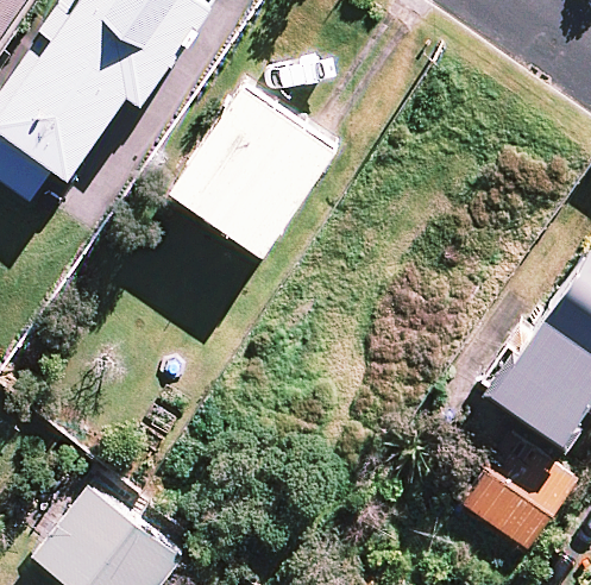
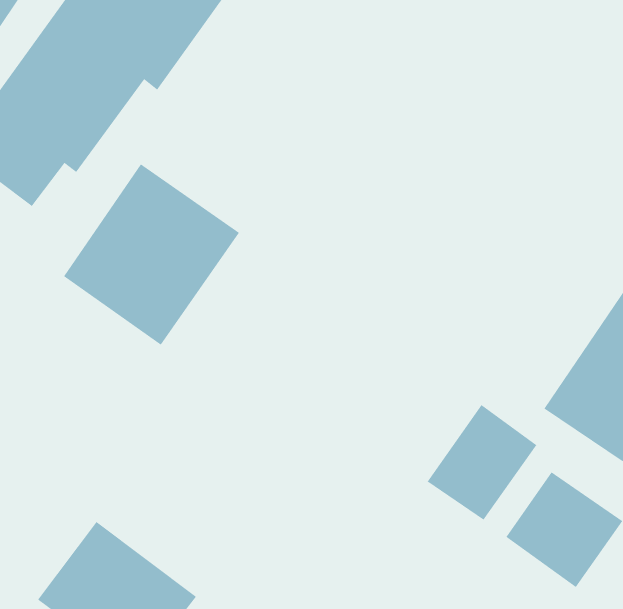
building: [176,86,337,251] -> [63,164,240,346]
building: none -> [427,404,537,521]

